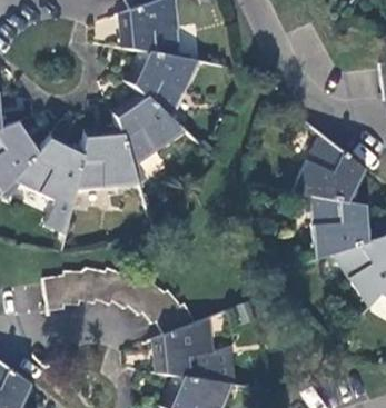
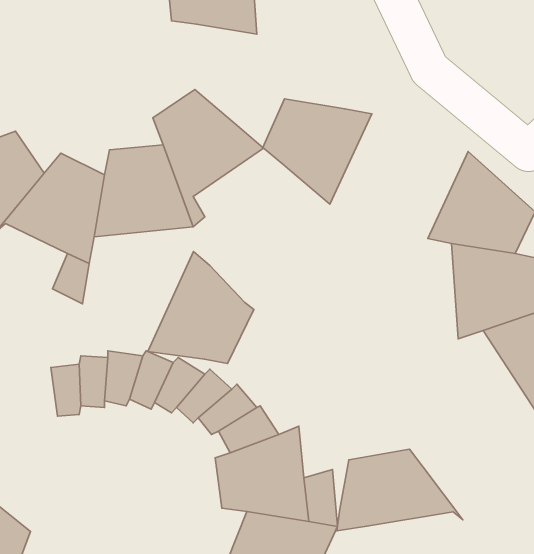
building: [126,50,198,120] -> [263,99,372,204]
building: none -> [148,252,254,363]
building: none -> [337,449,463,531]

